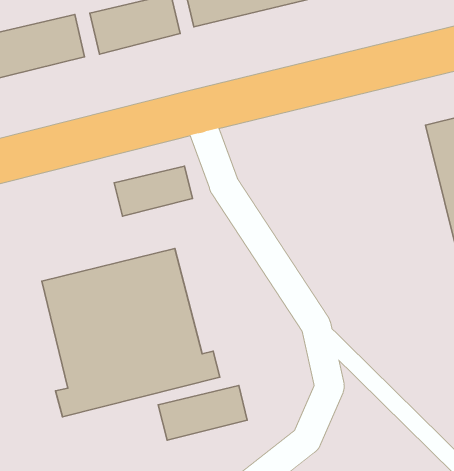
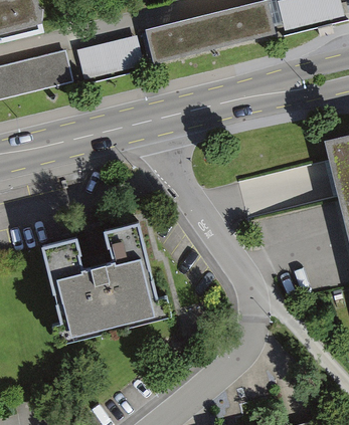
building: [114,166,193,216] -> none
building: [158,386,247,440] -> none

